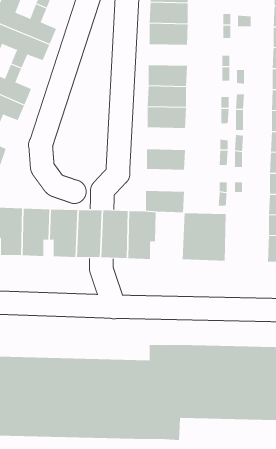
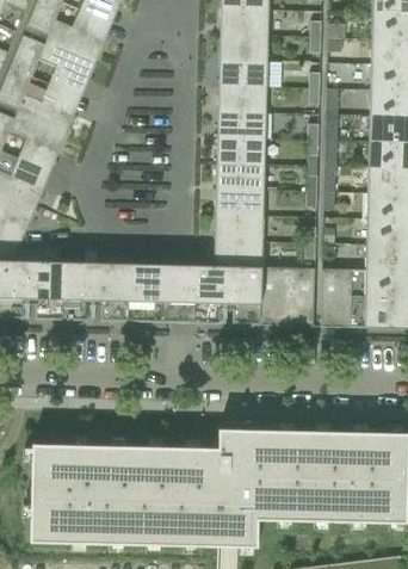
building: none -> [218,60,267,86]
building: none -> [216,162,265,190]
building: none -> [215,214,264,241]
building: none -> [228,266,262,324]
building: none -> [321,268,366,328]

